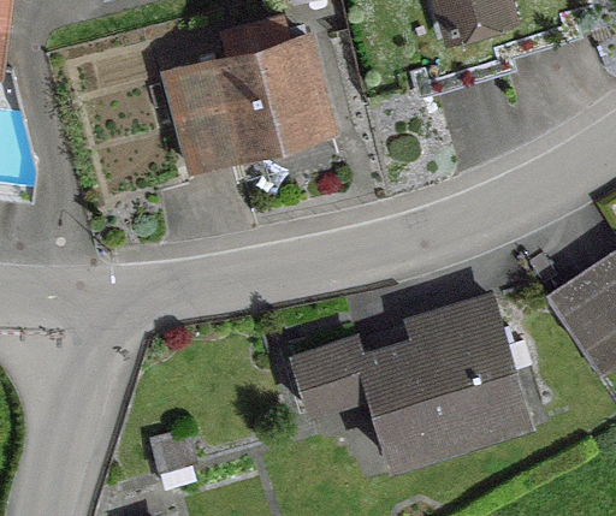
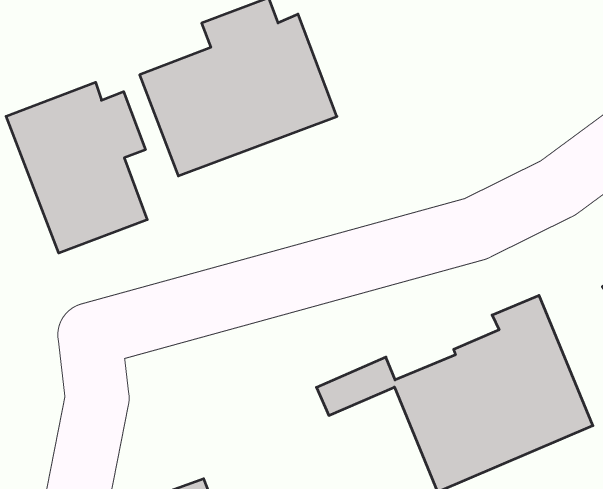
building: none -> [6,82,147,253]

